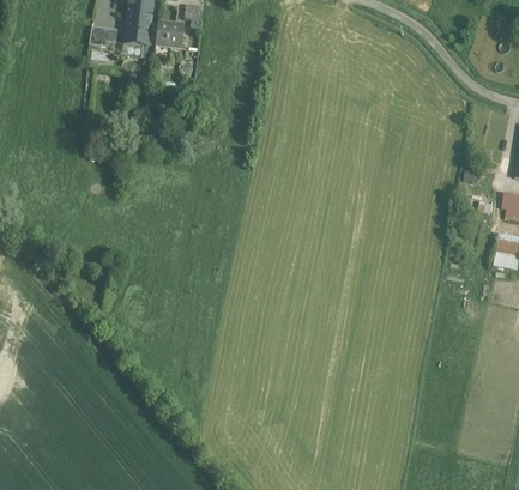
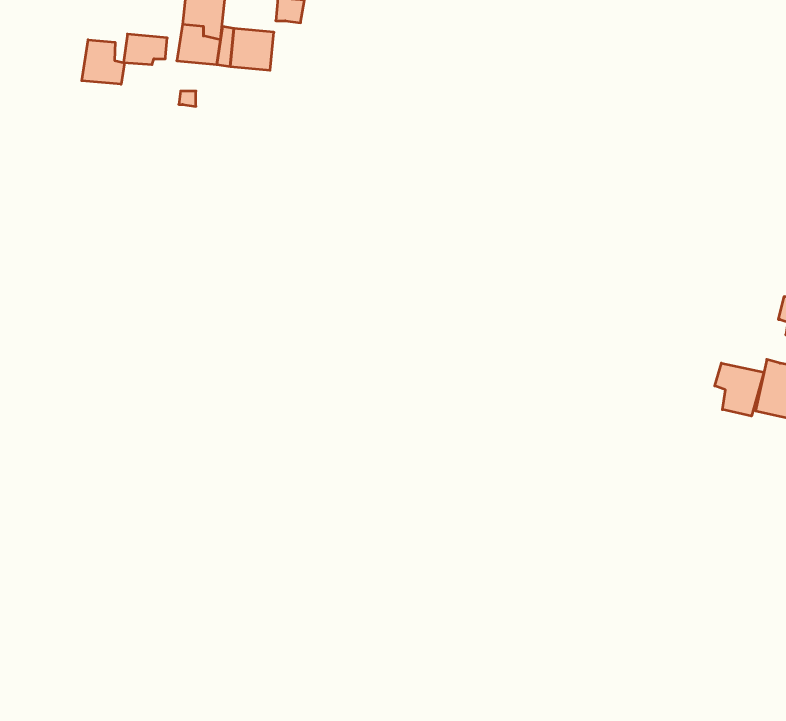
building: none -> [82,40,125,84]
building: none -> [715,363,764,416]

